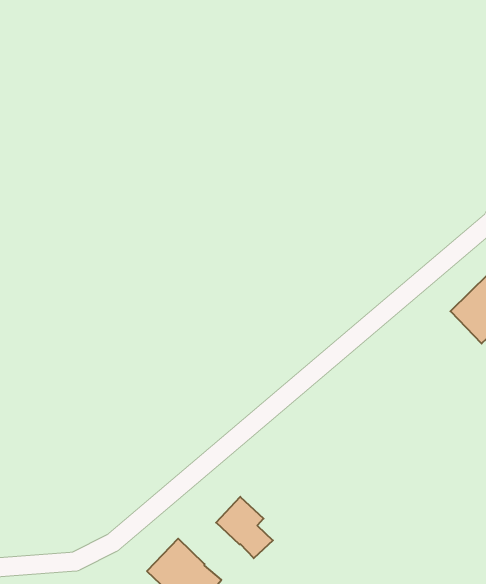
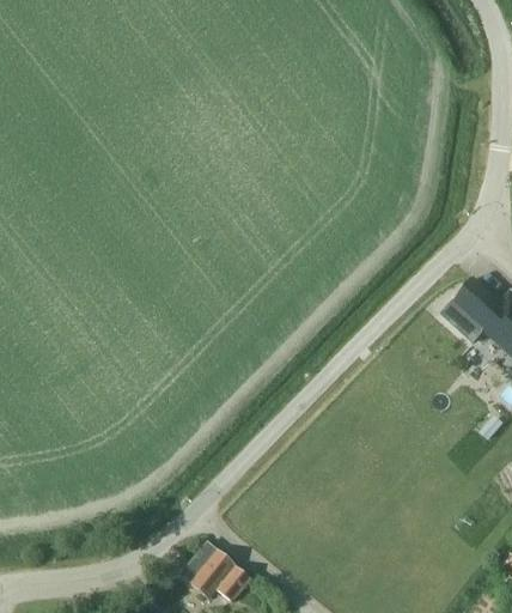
building: [216,497,273,558] -> none

